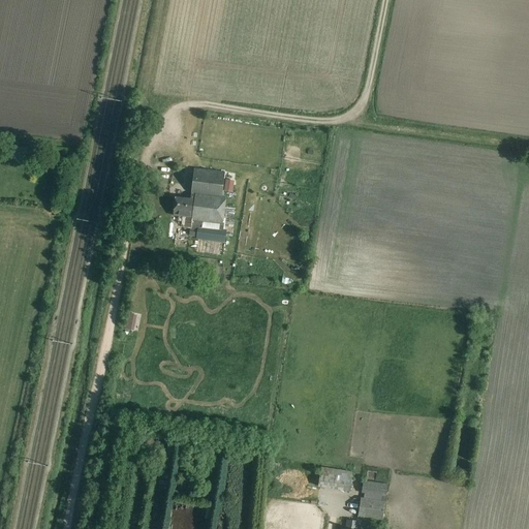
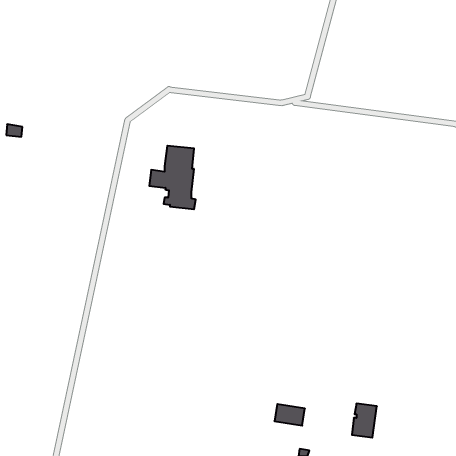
building: [359,480,387,520] -> [352,404,377,438]

